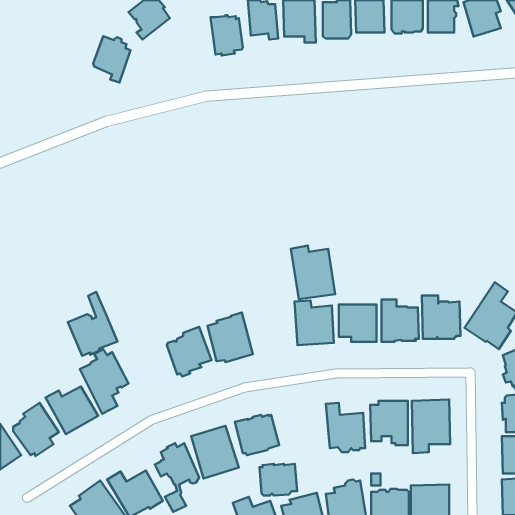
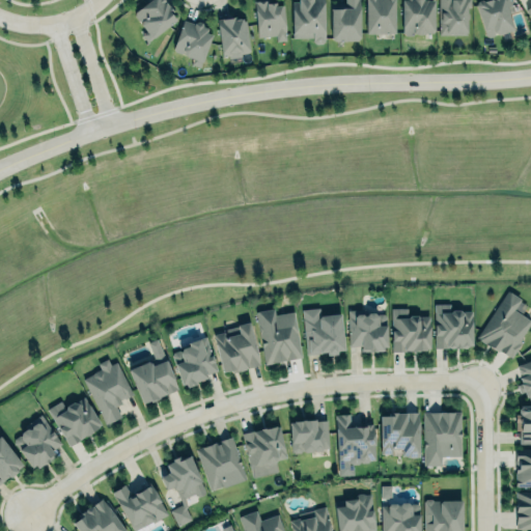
building: [93,36,130,83] -> [174,21,213,68]
building: [291,246,335,299] -> [257,310,303,365]
building: [68,292,118,356] -> [129,339,179,404]
building: [260,464,297,495] -> [291,421,330,453]

